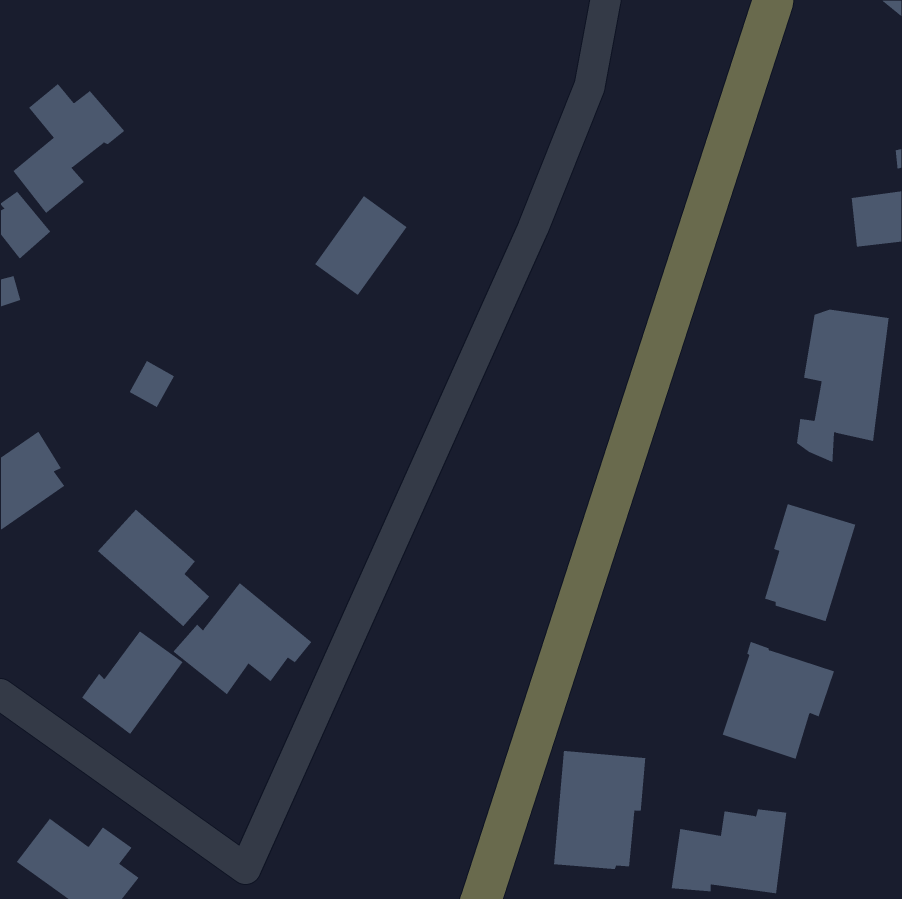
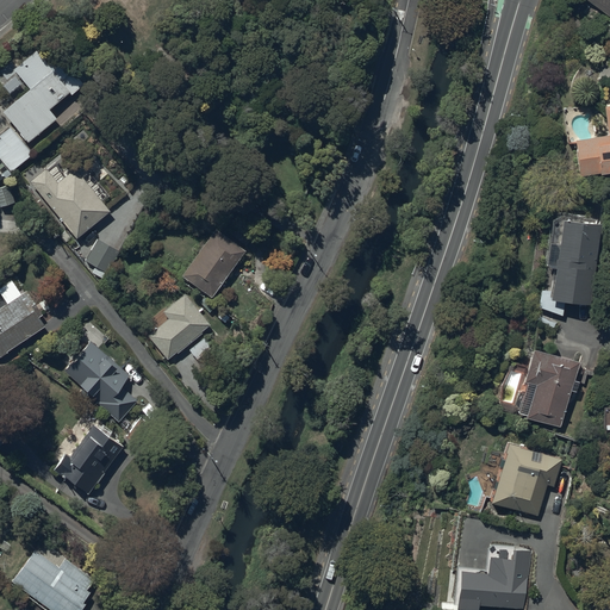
building: [314,195,408,296] -> [182,232,245,300]
building: none -> [31,170,106,236]
building: none -> [150,299,208,361]
building: [173,582,312,695] -> none
building: [554,750,646,870] -> none

